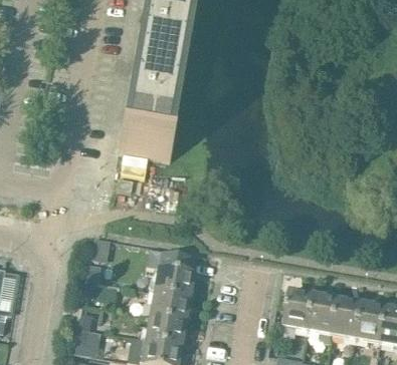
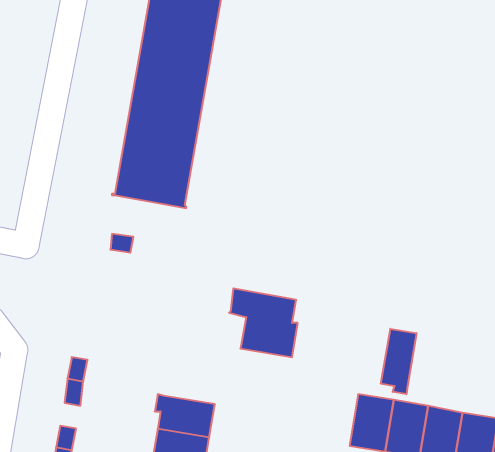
building: none -> [381,329,416,394]
building: [146,248,194,296] -> [229,288,298,357]

